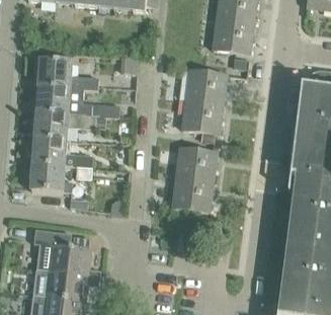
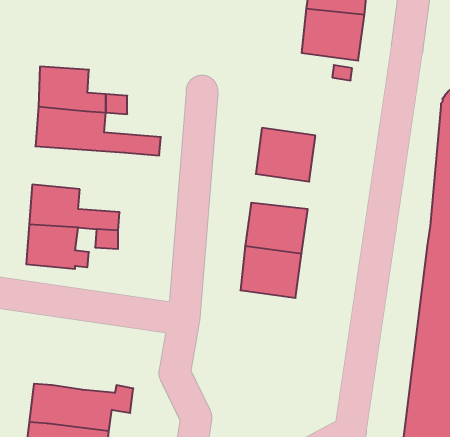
building: [186,69,227,103] -> none
building: [34,110,95,139] -> none
building: [33,228,92,273] -> none

